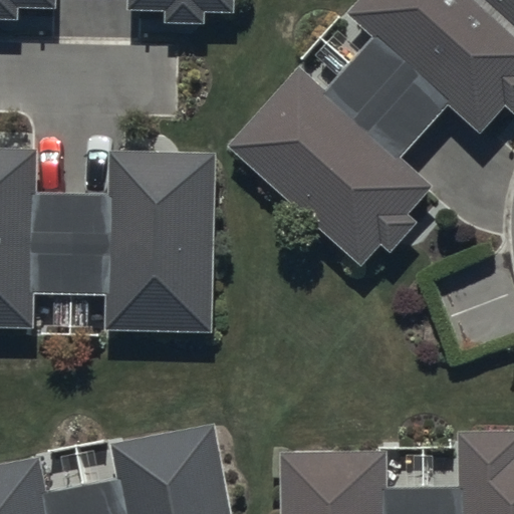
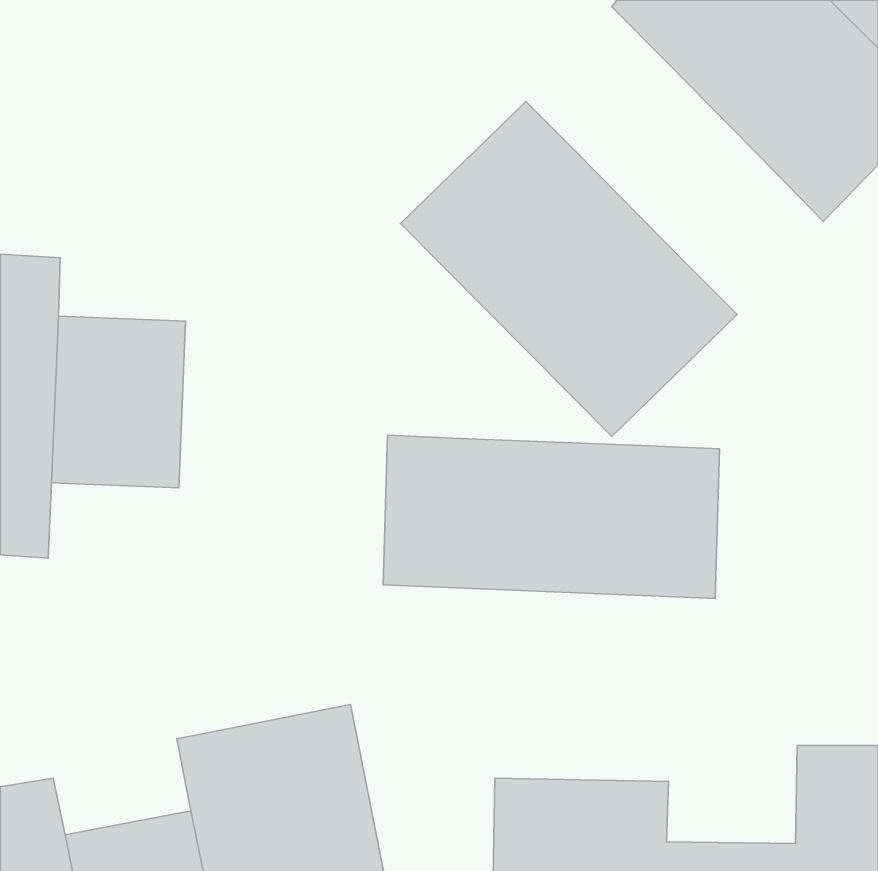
building: [336,40,454,158] -> none
building: [103,150,214,327] -> none
building: none -> [383,435,719,599]

